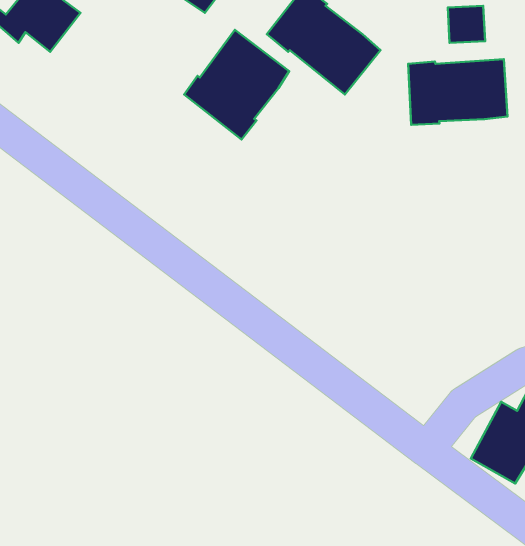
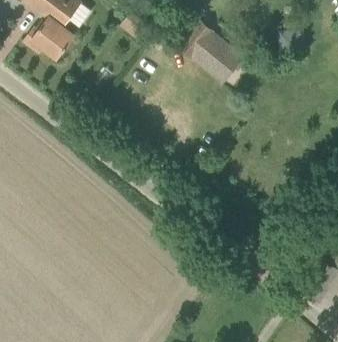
building: [184,30,289,139] -> none
building: [408,59,507,125] -> none

